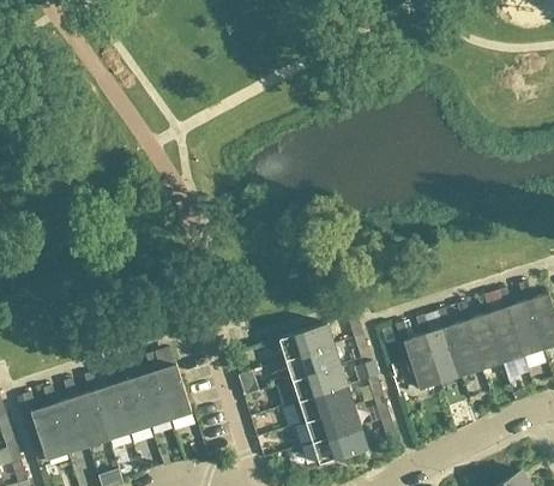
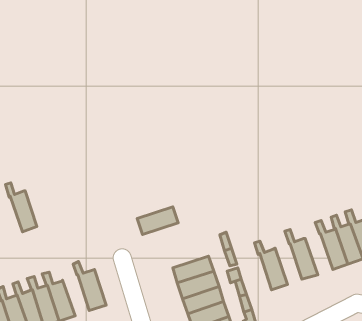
building: [456,305,500,372] -> none
building: [415,318,458,385] -> none
building: [277,325,332,362] -> [137,207,178,234]
building: [130,361,171,427] -> [6,183,37,232]

